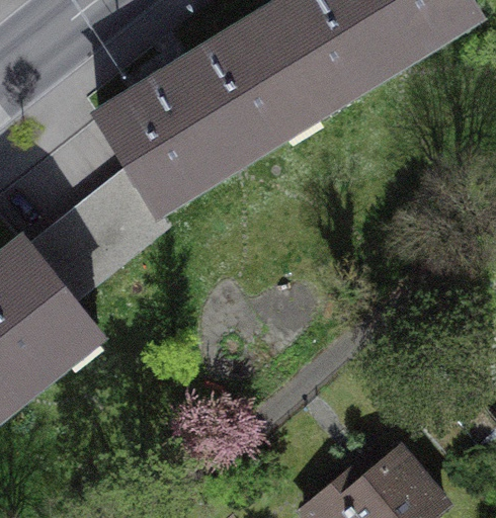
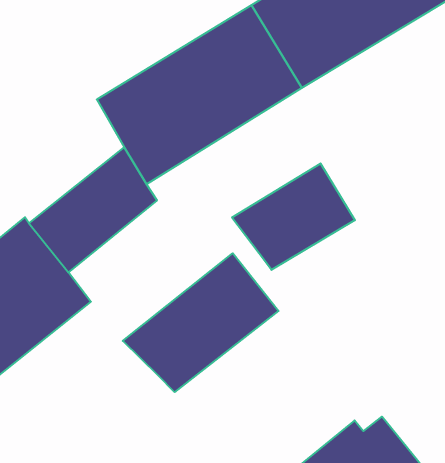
building: none -> [232,163,355,270]
building: none -> [123,253,279,392]

